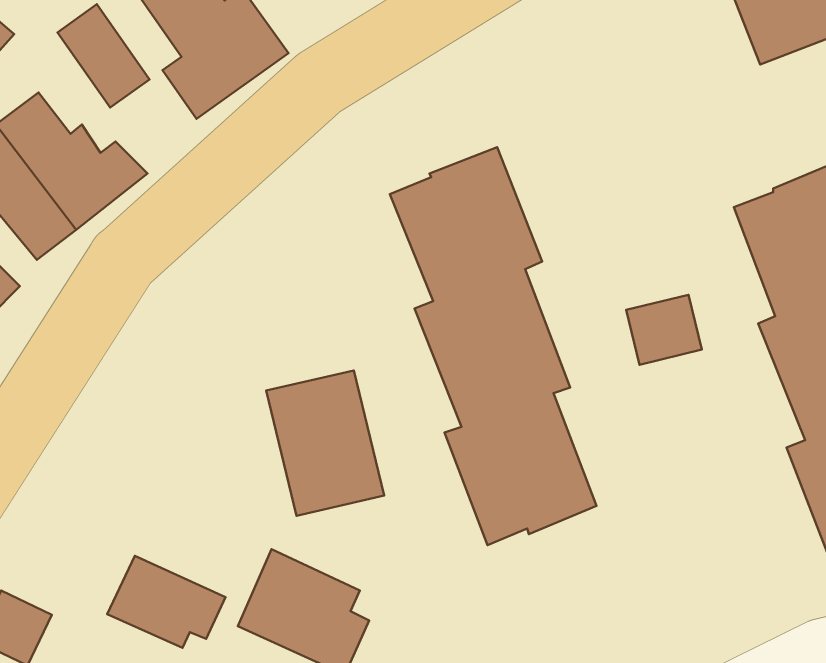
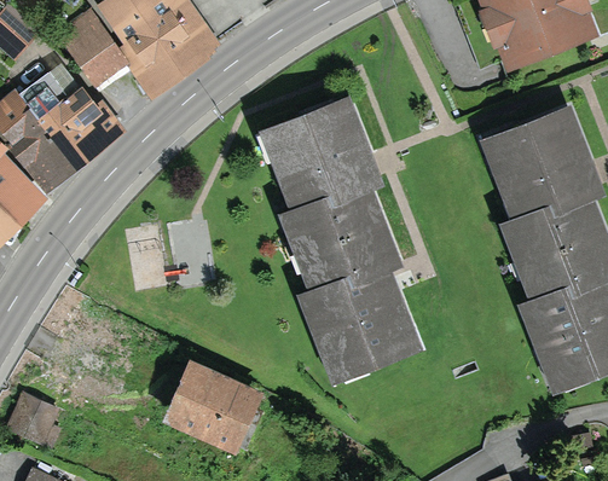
building: [626,295,702,365] -> none
building: [266,370,384,516] -> none
building: [107,556,226,648] -> none

